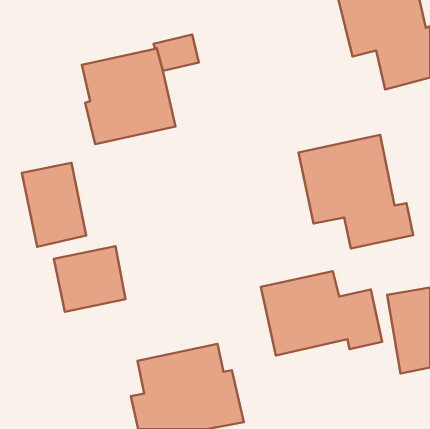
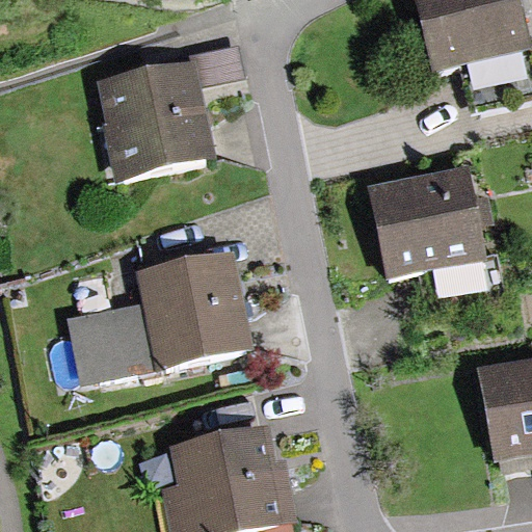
building: [22,163,86,247] -> none
building: none -> [135,249,252,369]
building: [261,271,382,355] -> none

